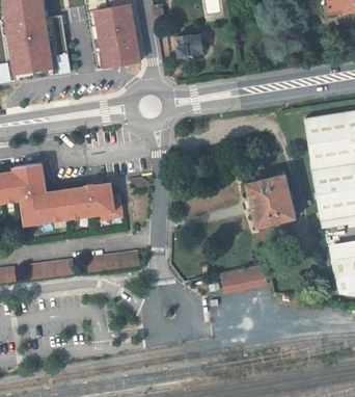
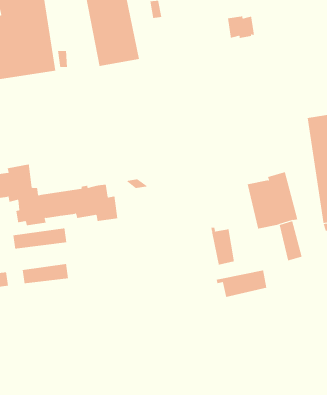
building: [175,33,202,55] -> [227,16,255,38]
building: none -> [211,227,234,265]
building: [86,250,139,271] -> [12,228,67,249]

